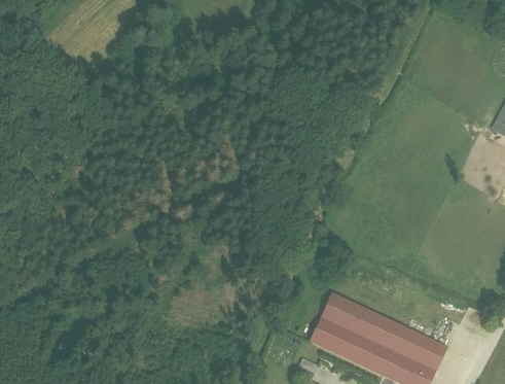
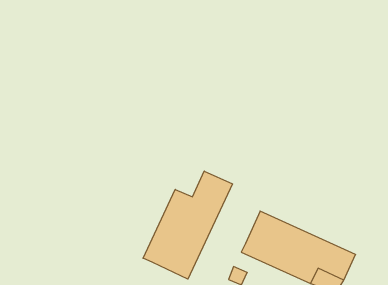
building: none -> [143,171,232,279]

